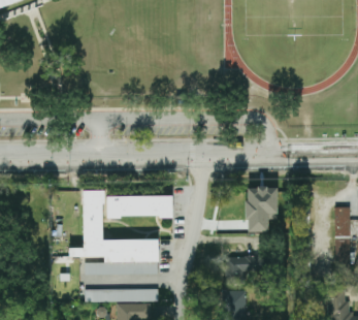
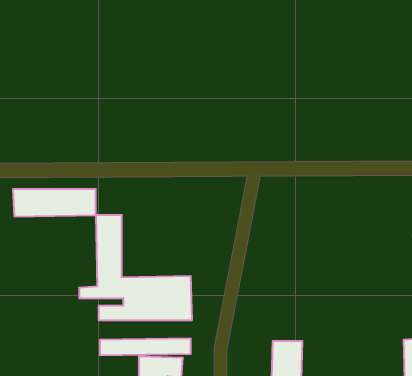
building: [247,187,278,231] -> none
building: [106,195,172,217] -> [13,189,96,216]
building: [225,256,264,282] -> none

